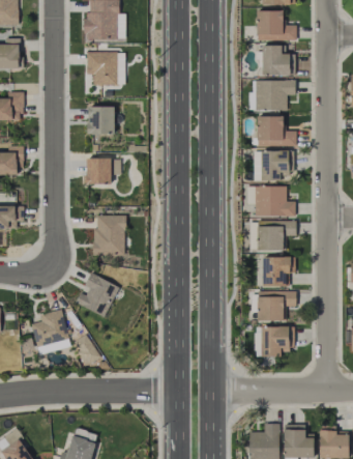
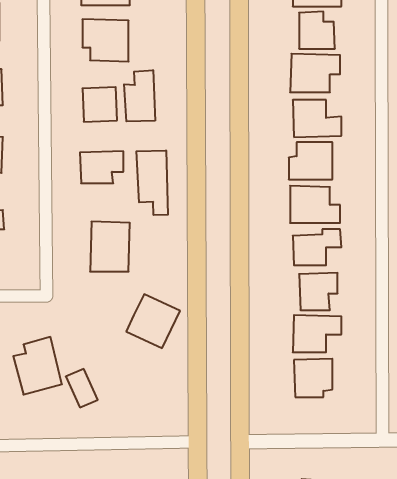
building: none -> [124,70,155,121]
building: none -> [136,150,168,215]
building: [76,272,119,316] -> [126,294,180,348]

